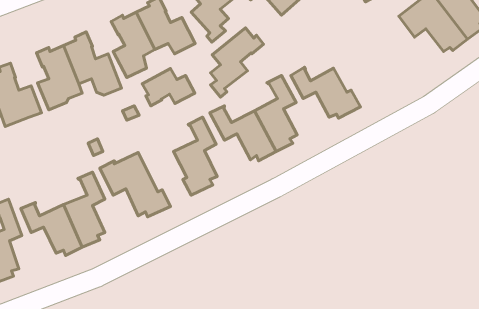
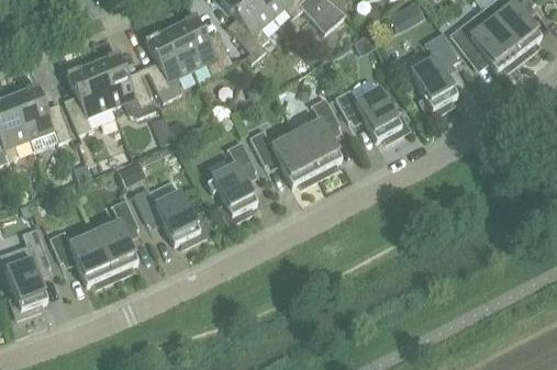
building: none -> [410,31,457,116]
building: [210,28,263,97] -> none
building: [142,68,195,106] -> none

